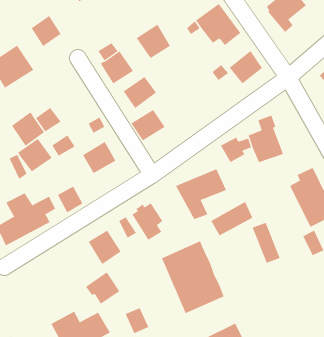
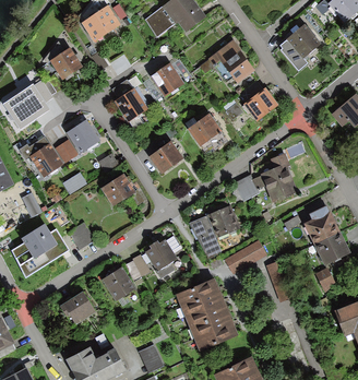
building: [123,76,157,109] -> [187,112,220,145]
building: [17,138,52,172] -> [61,123,96,157]
building: [85,272,120,304] -> [60,289,95,322]

